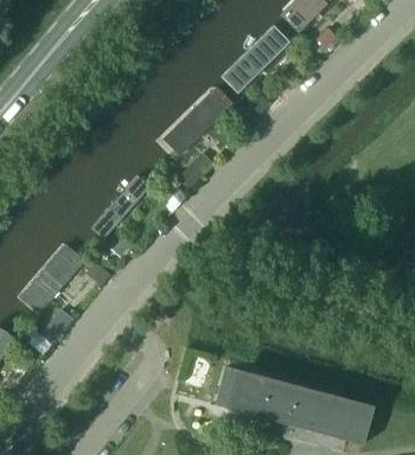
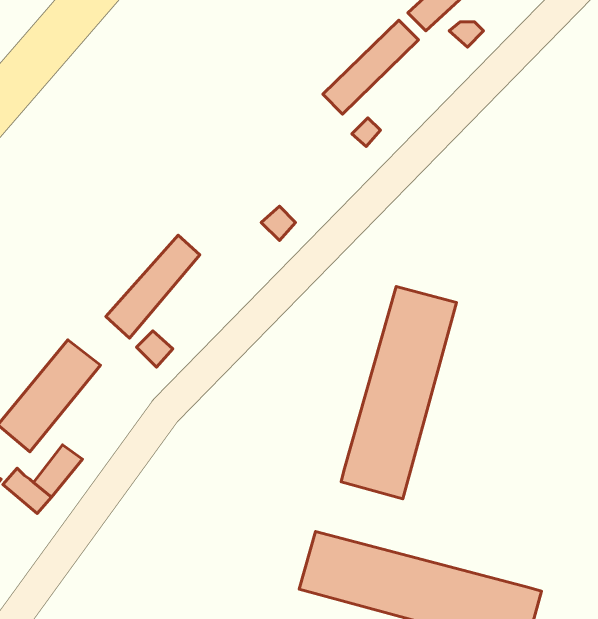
building: [155,81,235,160] -> none
building: none -> [341,287,456,499]

